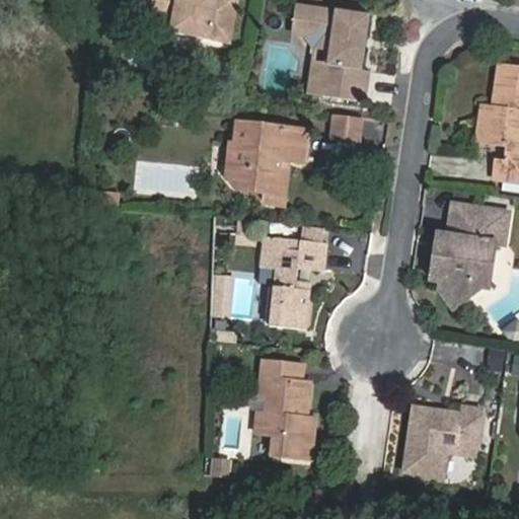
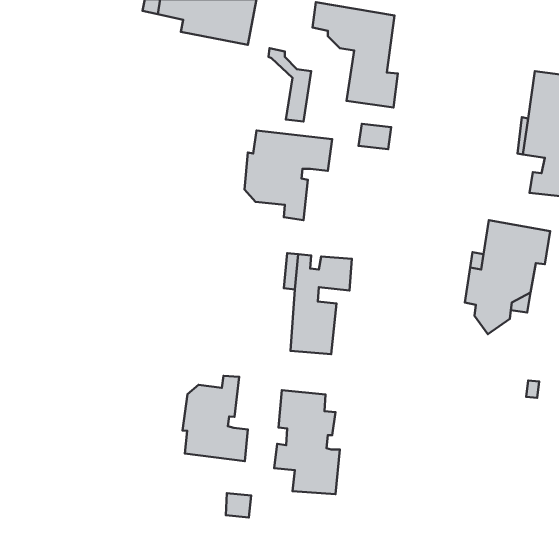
building: [289,25,328,93] -> [268,48,311,122]
building: none -> [183,376,248,461]
building: [404,401,481,472] -> none

